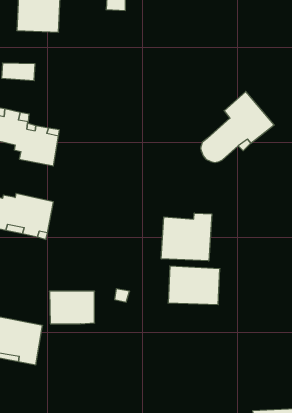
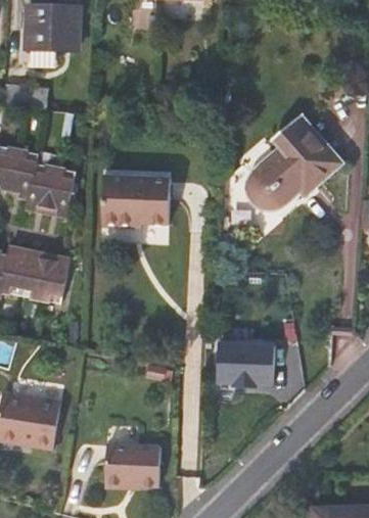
building: none -> [101,174,169,229]
building: [161,213,212,261] -> none
building: [49,291,95,324] -> [100,449,155,488]

